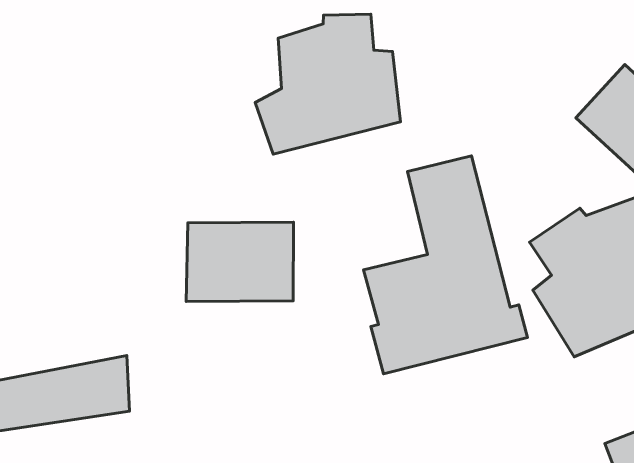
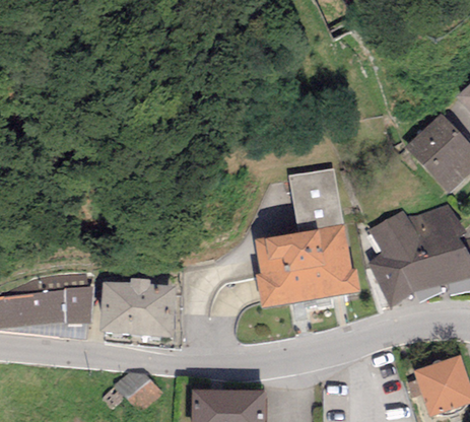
building: [255,14,401,154] -> none
building: [186,222,293,301] -> [99,284,176,342]

